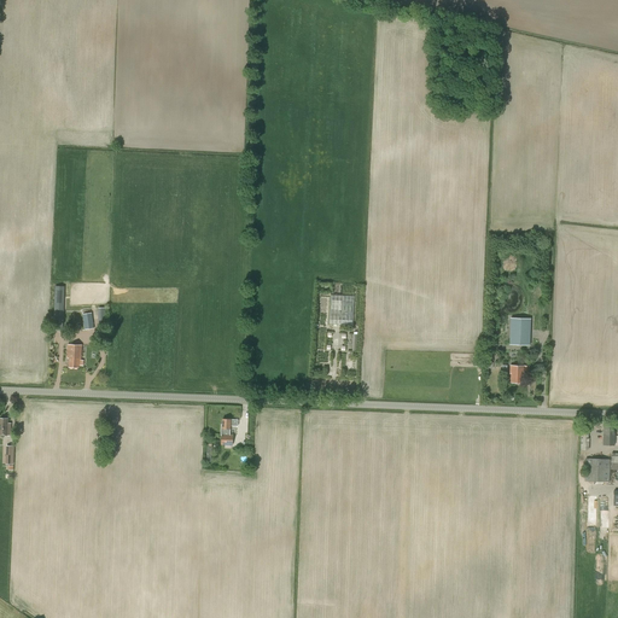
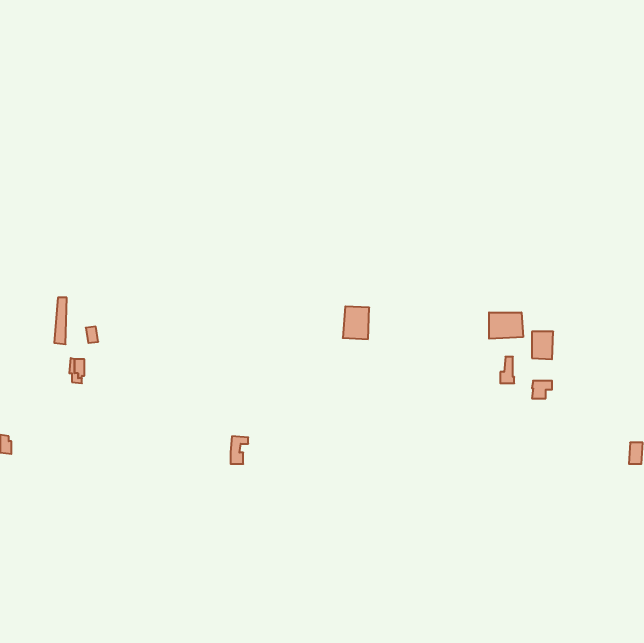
building: none -> [489,312,523,339]
building: [584,457,611,480] -> none

